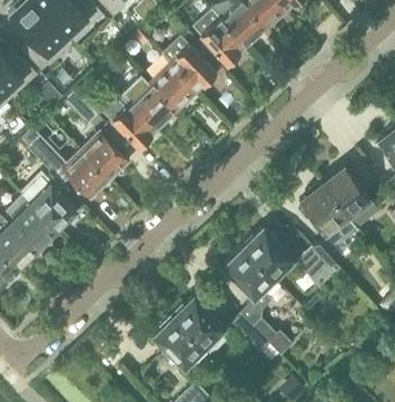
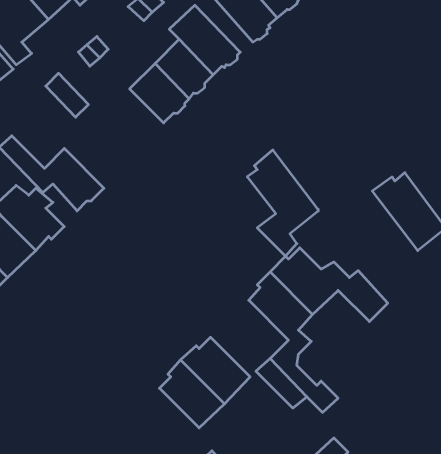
building: [103,95,156,149] -> none
building: [79,131,127,180] -> none
building: [299,183,355,266] -> [247,150,318,256]

